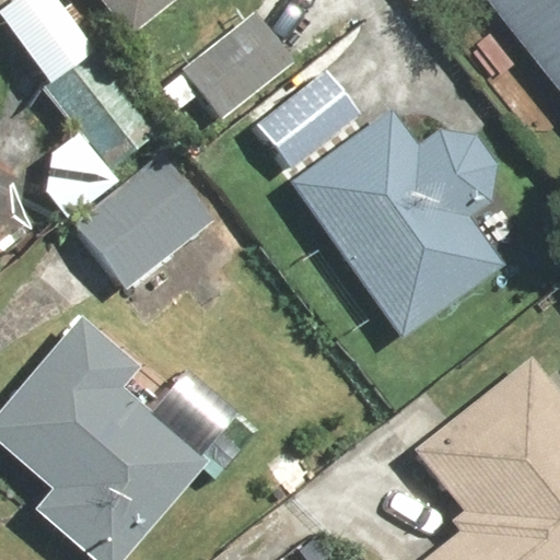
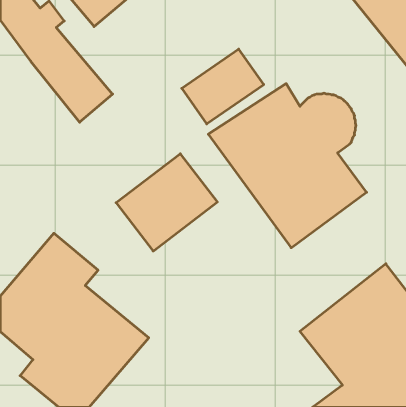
building: [162,11,291,116] -> none
building: [74,155,212,288] -> [116,154,217,251]

